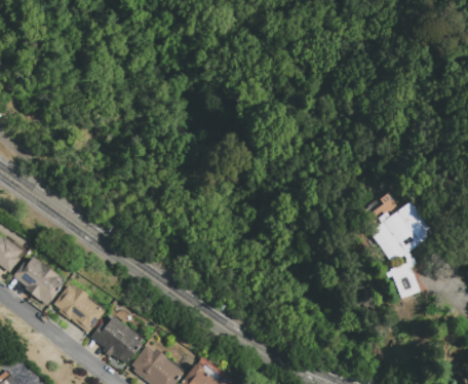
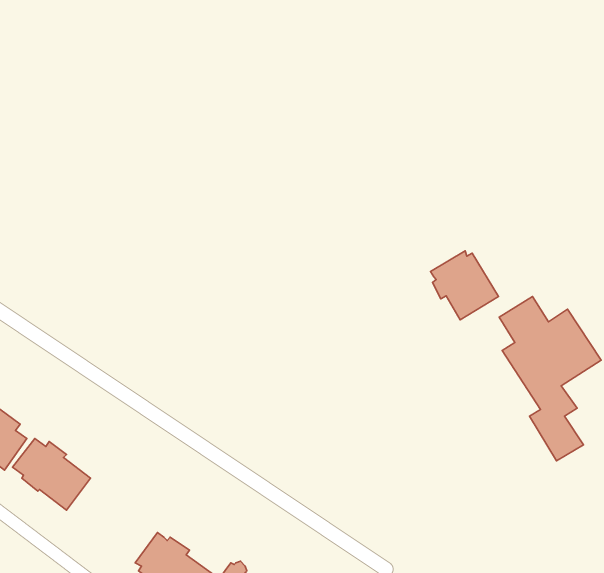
building: none -> [431,251,498,320]
building: [91,315,142,363] -> none

